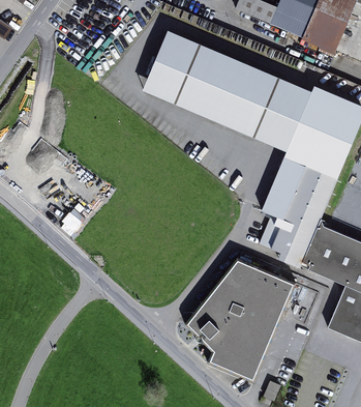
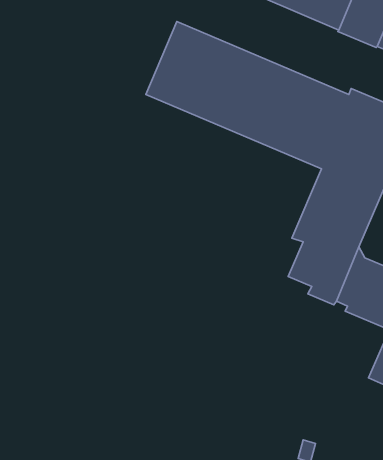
building: [187,262,295,382] -> none

